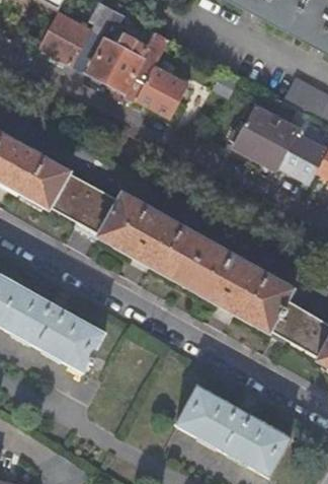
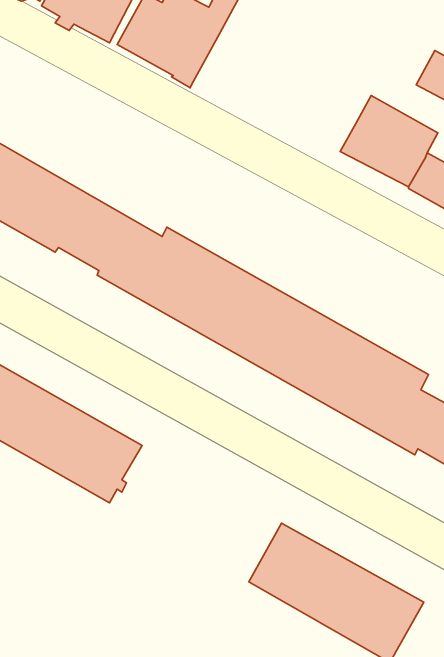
building: [137,68,187,118] -> none

